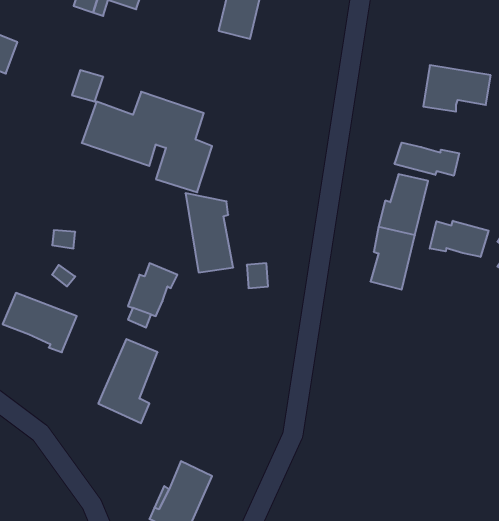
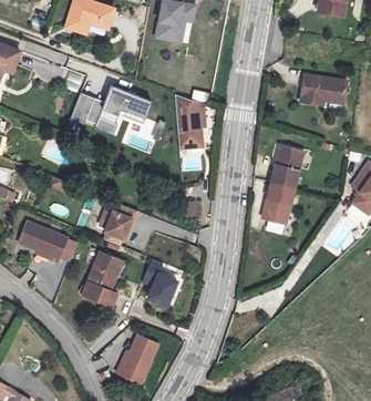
building: [395,143,459,176] -> none
building: [185,193,233,272] -> [168,91,200,144]
building: [430,221,489,257] -> none
building: none -> [143,260,183,308]

